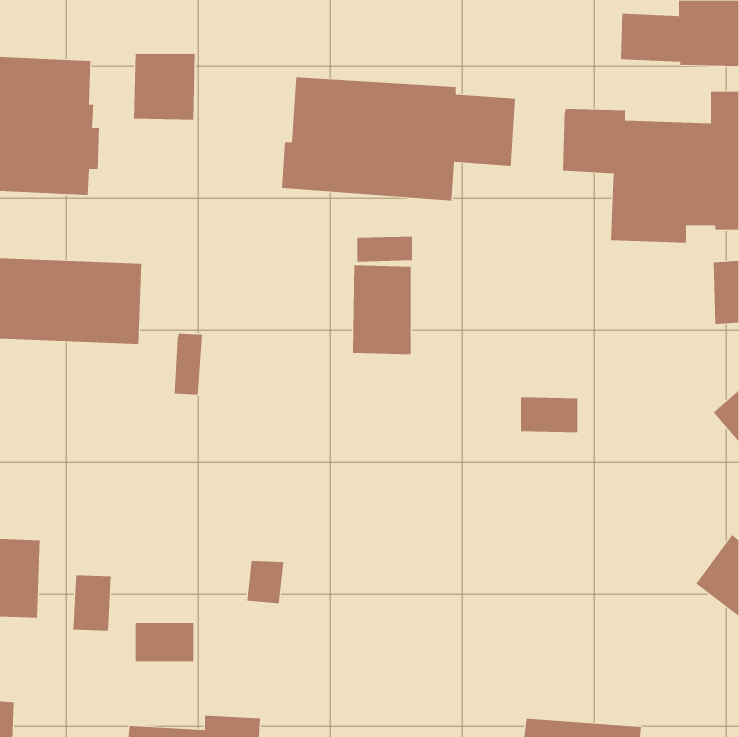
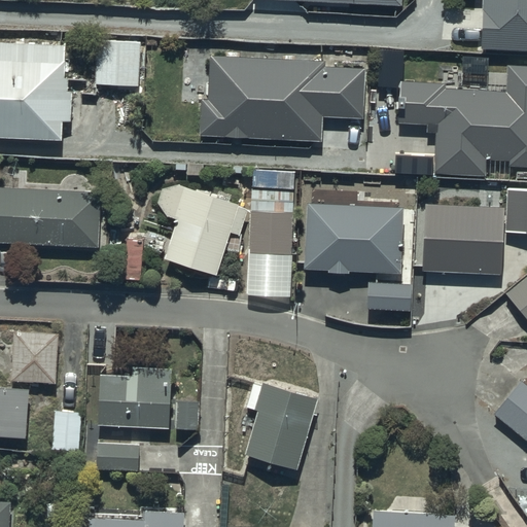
building: none -> [157,183,248,278]
building: none -> [305,204,402,275]
building: none -> [422,205,504,275]
building: none -> [10,330,57,385]
building: none -> [100,363,171,427]
building: none -> [246,383,319,471]

